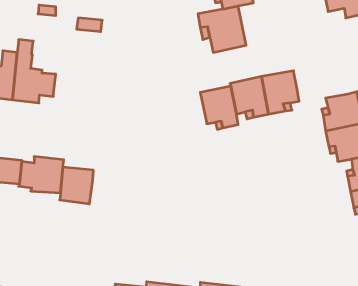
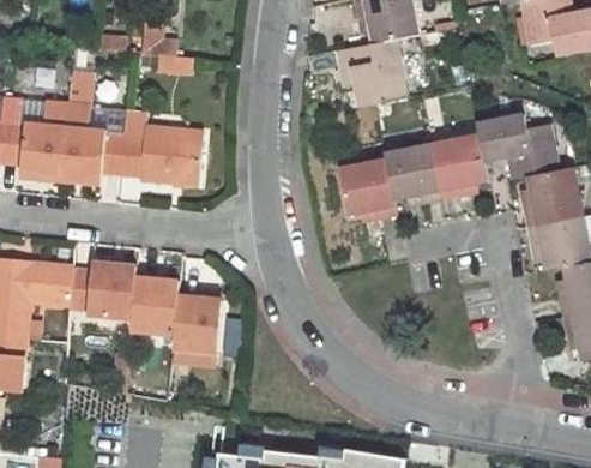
building: none -> [121,112,203,184]
building: none -> [476,112,561,176]
building: none -> [175,296,223,350]

